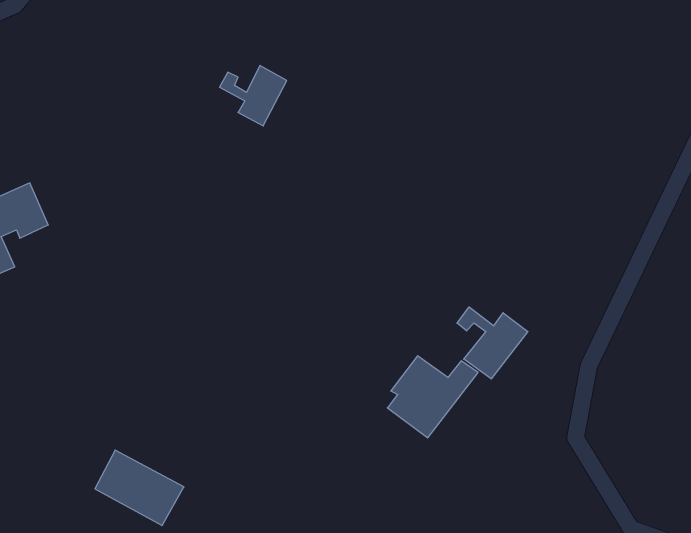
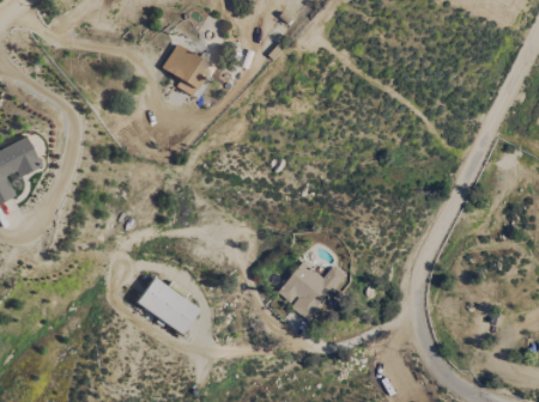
building: [457,307,528,379] -> none
building: [95,450,184,526] -> [135,278,199,331]

